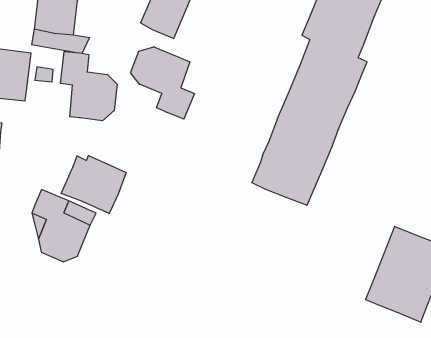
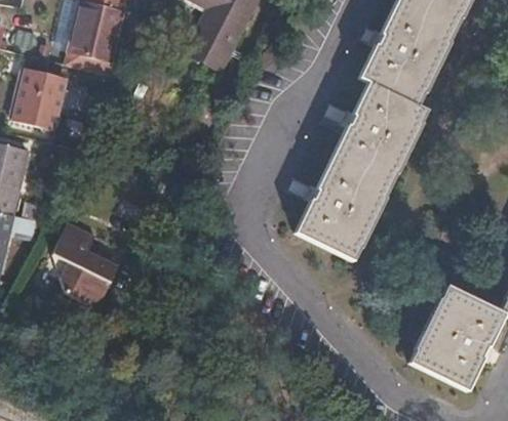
building: [130,47,194,119] -> none
building: [60,51,117,121] -> none
building: [61,156,126,214] -> none

